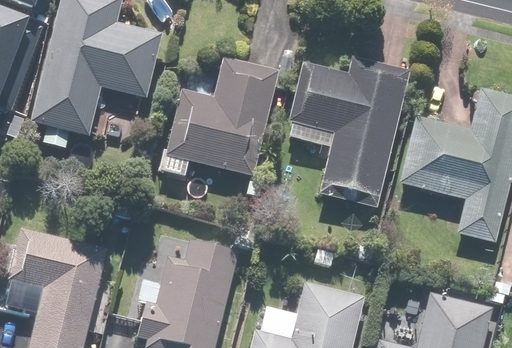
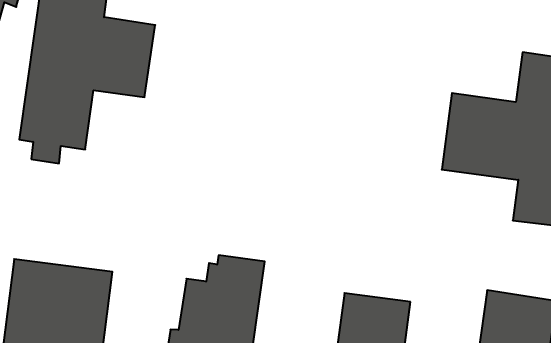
building: [159,56,277,176] -> none
building: [286,56,405,207] -> none

